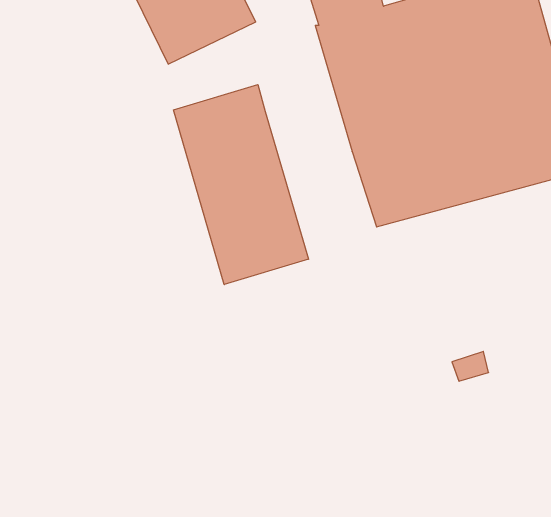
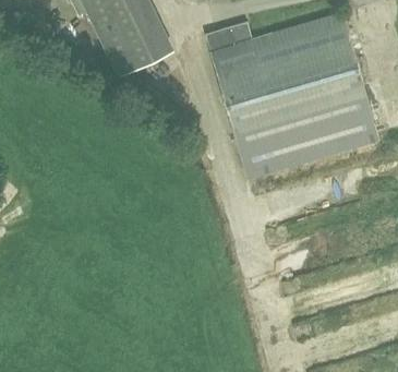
building: [173,85,309,285] -> none

